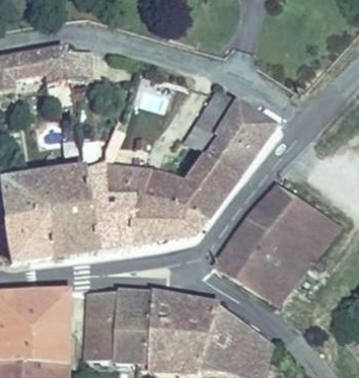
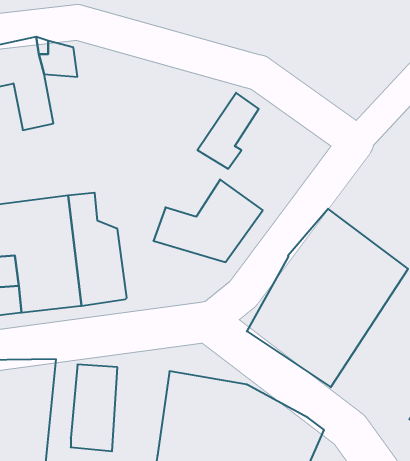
building: [199,98,267,175] -> none
building: [103,162,203,242] -> none
building: [117,295,160,362] -> none

